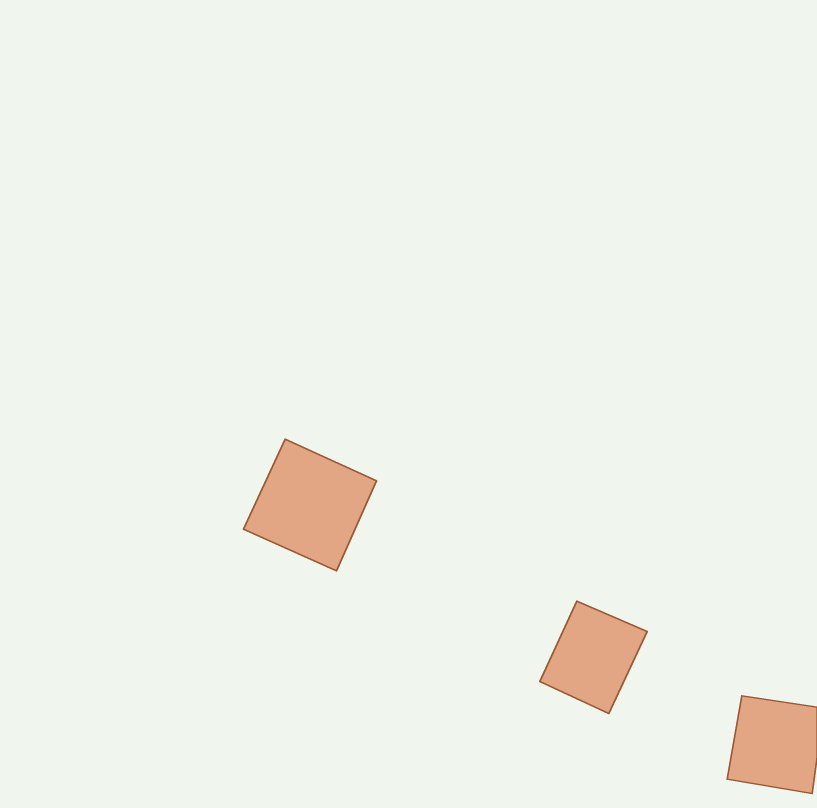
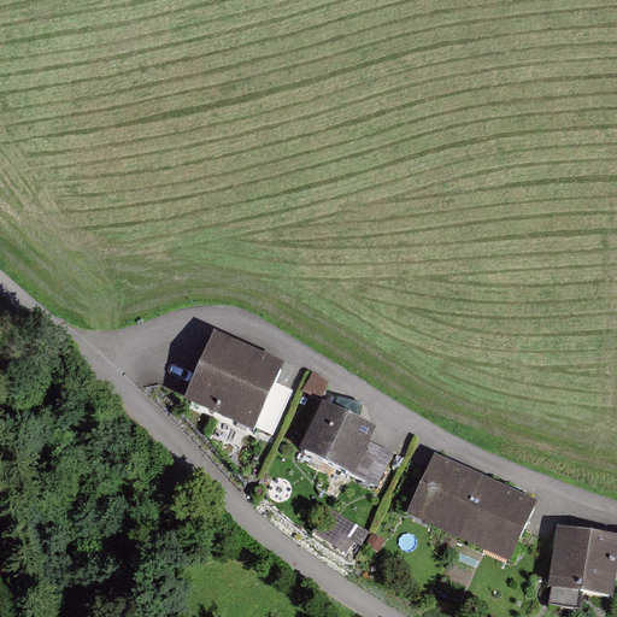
building: none -> [299,400,393,482]
building: none -> [458,475,539,560]

